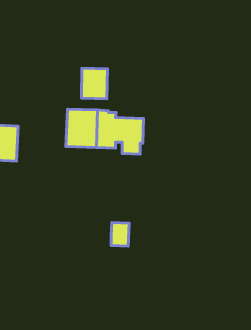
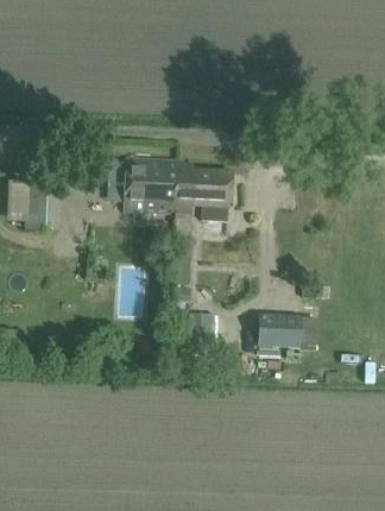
building: [82,68,108,99] -> none
building: none -> [258,315,302,346]

